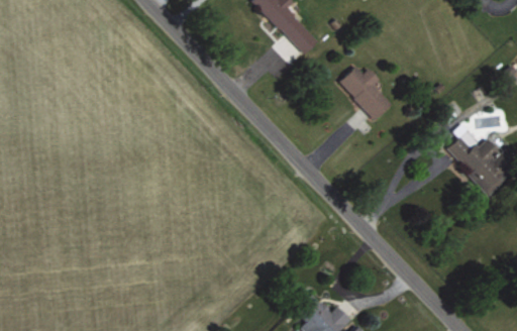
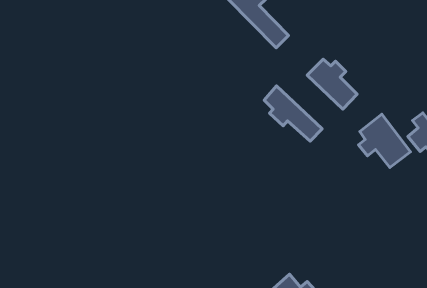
building: none -> [264,86,322,141]
building: none -> [359,114,411,167]

